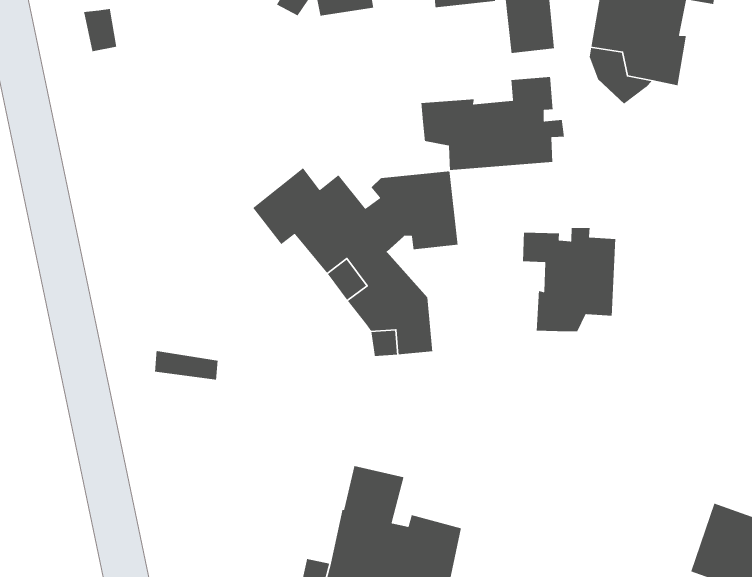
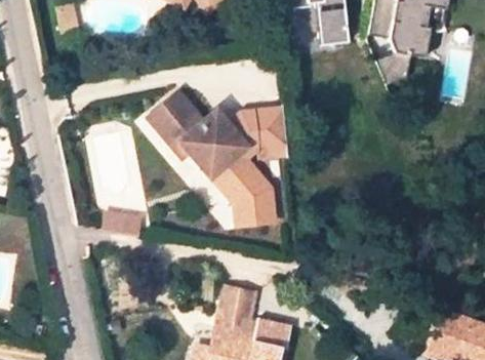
building: [420,76,565,171] -> none
building: none -> [149,88,194,131]
building: [522,227,616,332] -> none

